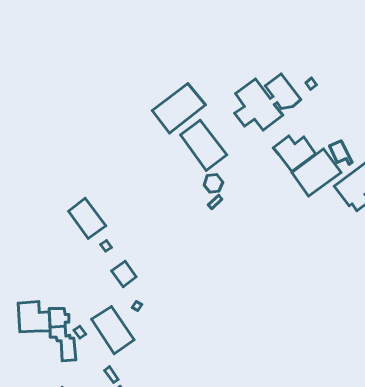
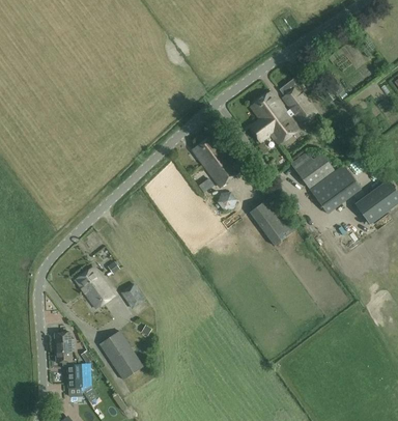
building: [152,83,205,133] -> none
building: none -> [249,196,295,245]
building: [68,198,106,239] -> [75,265,114,308]
building: [18,301,50,332] -> none

